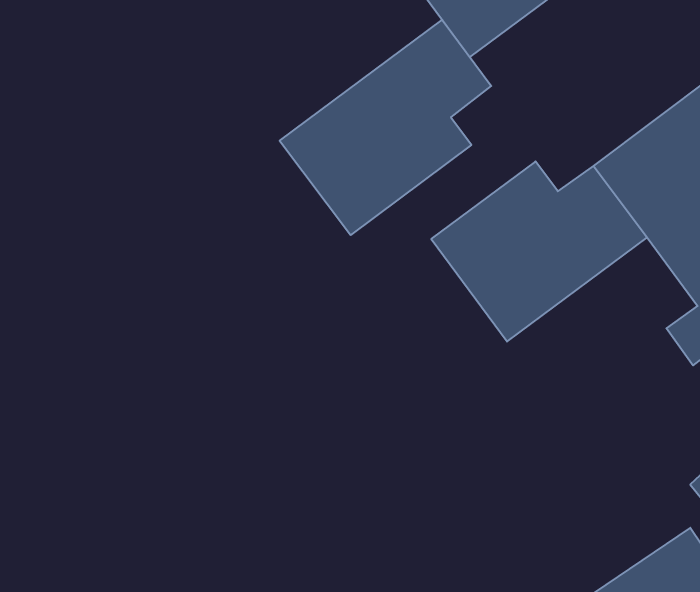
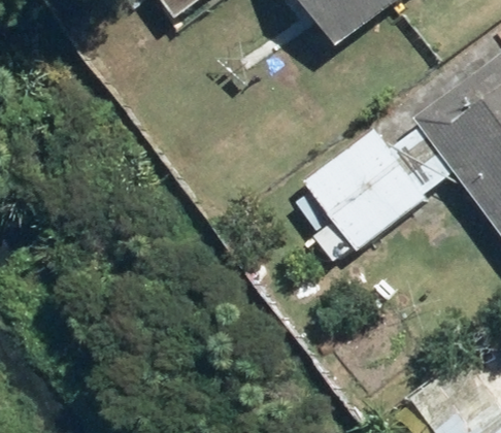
building: [280,20,491,235] -> none

